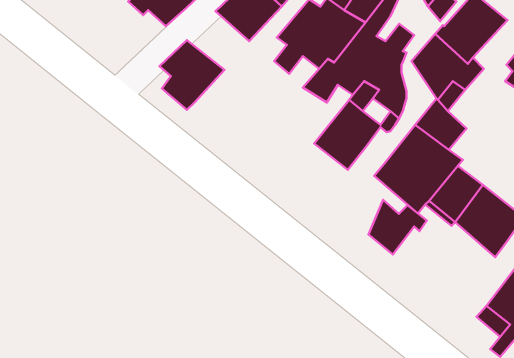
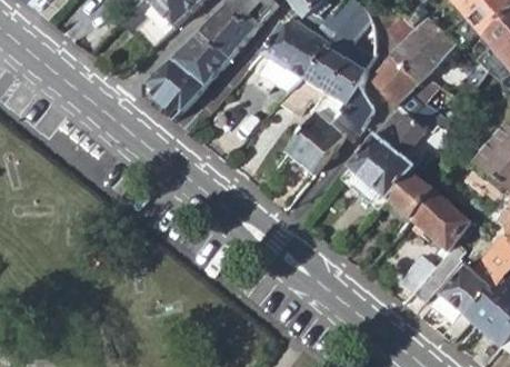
building: none -> [172,32,228,85]
building: [368,200,427,254] -> none

